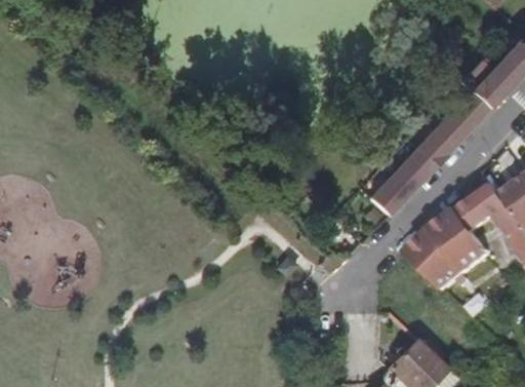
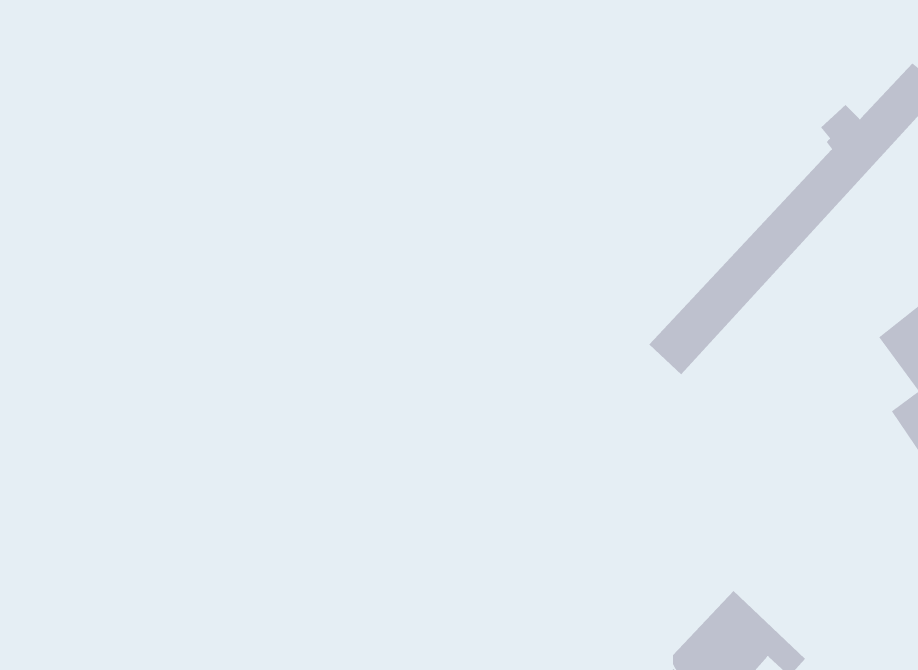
building: [407,197,498,291] -> none

